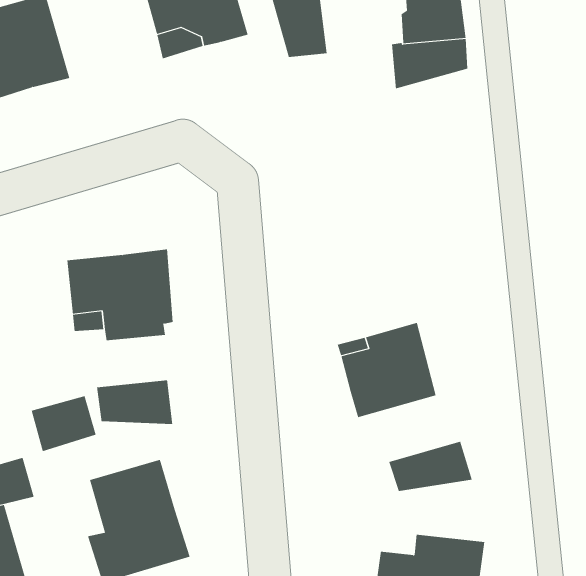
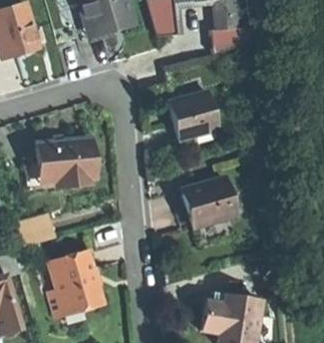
building: none -> [170,92,219,139]
building: [97,379,173,425] -> none
building: [388,441,472,492] -> none

